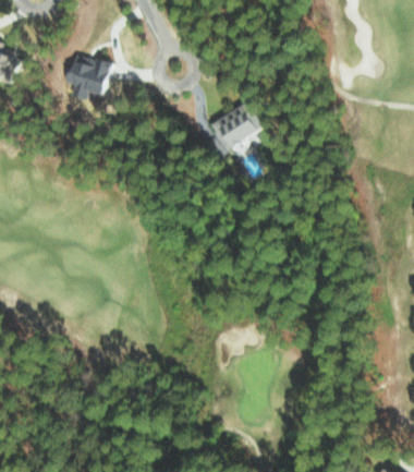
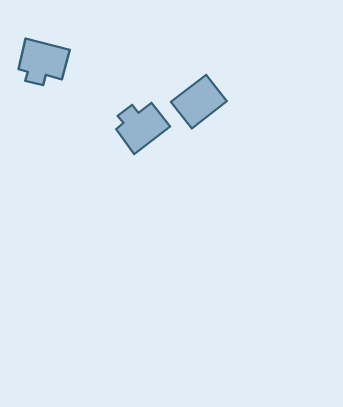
building: none -> [116,103,170,154]

